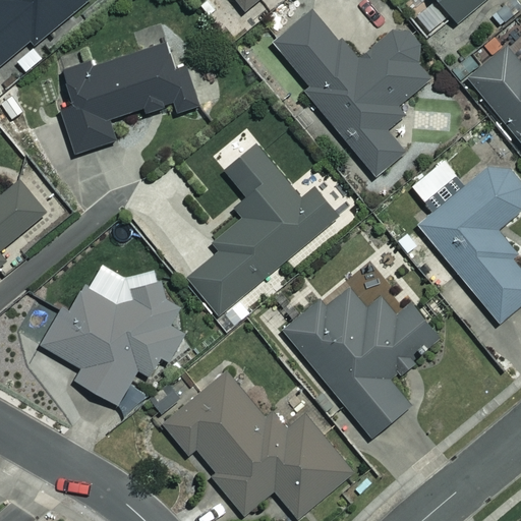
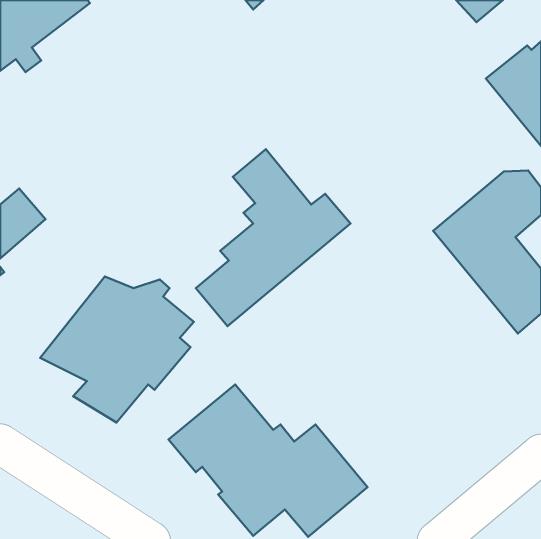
building: [272,9,436,177] -> none
building: [57,40,197,162] -> none
building: [283,267,438,437] -> none

